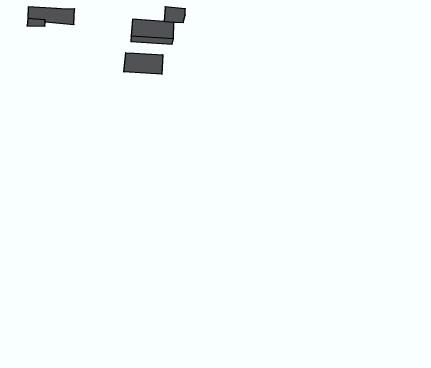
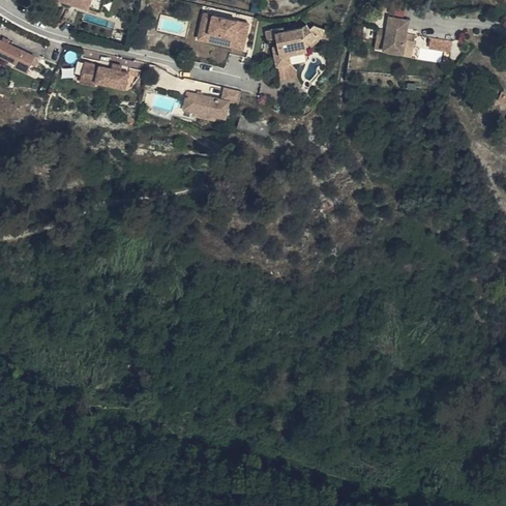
building: [124,53,163,74] -> none

